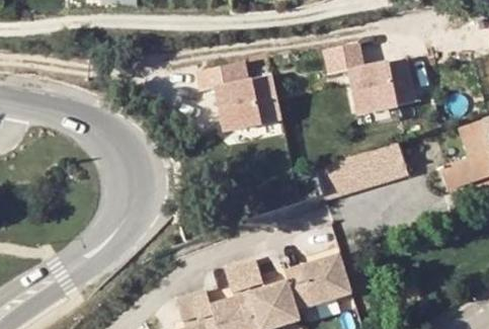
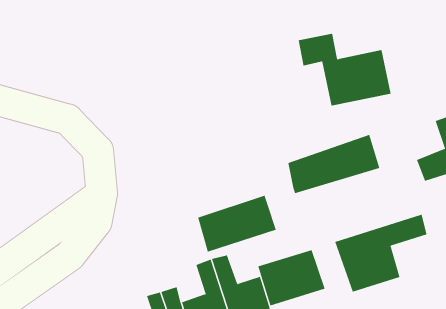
building: [197,62,280,131] -> none
building: none -> [197,195,277,252]
building: none -> [334,214,427,292]

